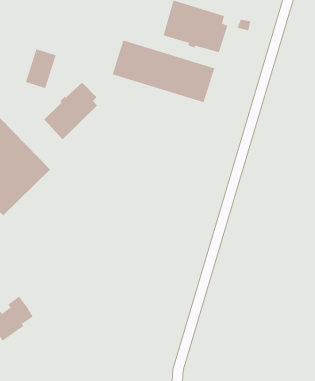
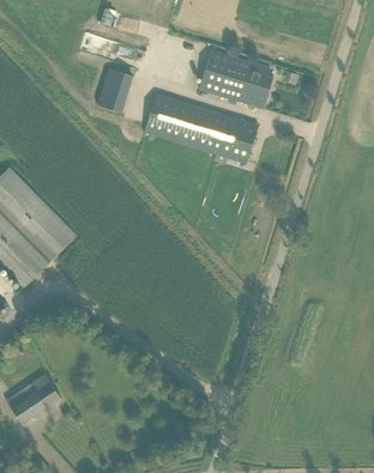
building: [25,49,57,89] -> [95,67,129,111]
building: [44,82,98,140] -> none

